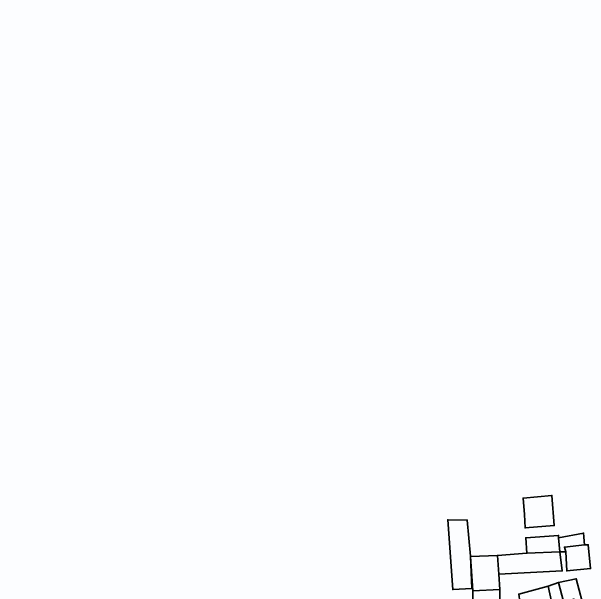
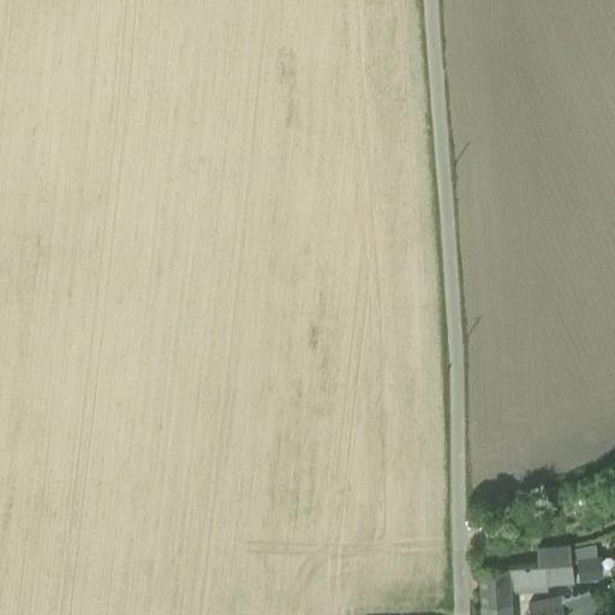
building: [523,495,554,528] -> none
building: [448,520,472,590] -> none

